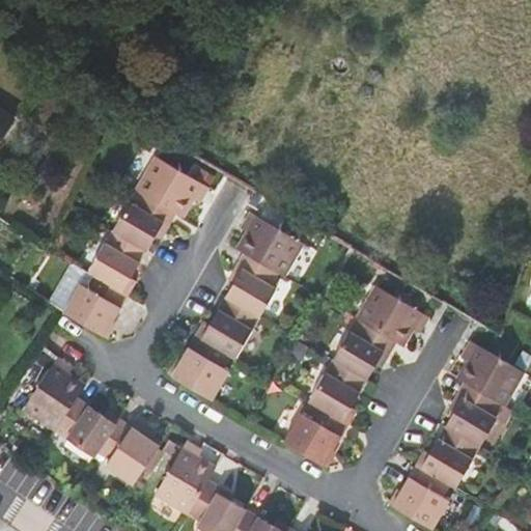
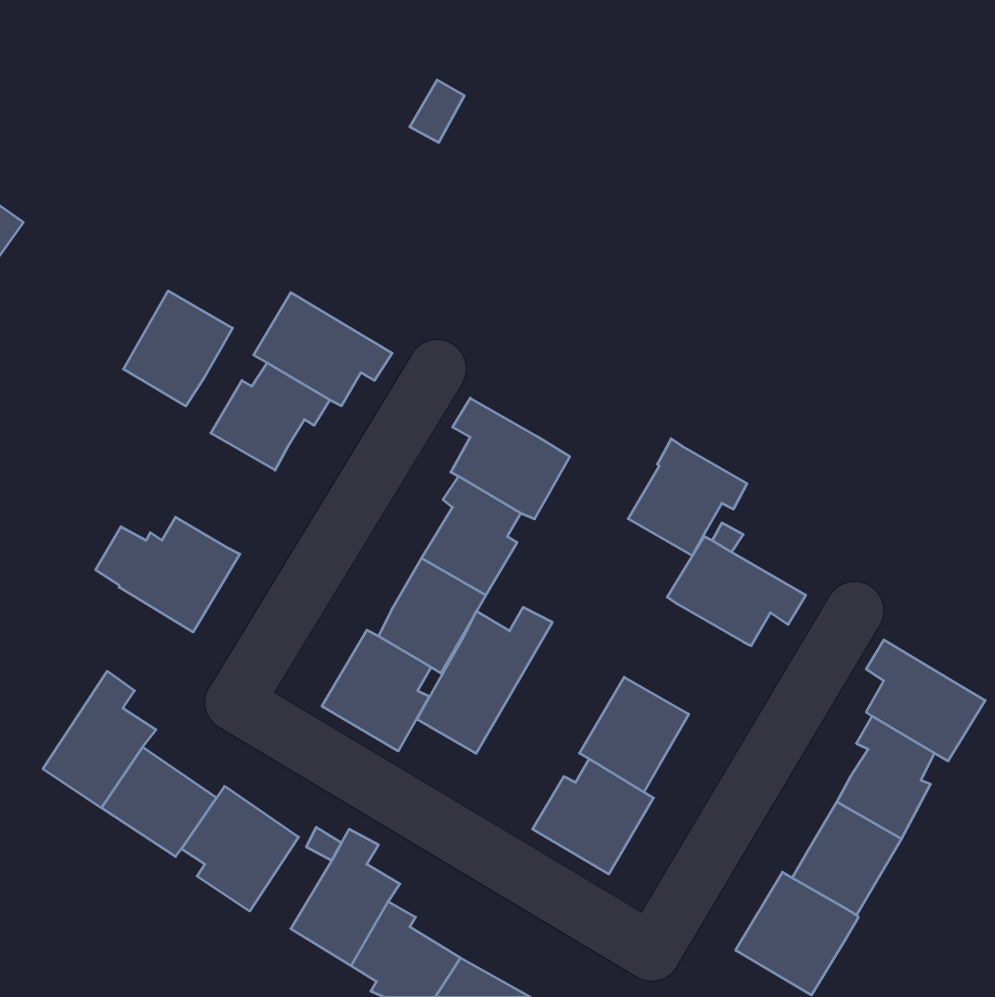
building: [88,230,146,291] -> [123,291,233,406]
building: [332,317,395,380] -> [628,439,747,556]
building: none -> [417,607,552,753]

